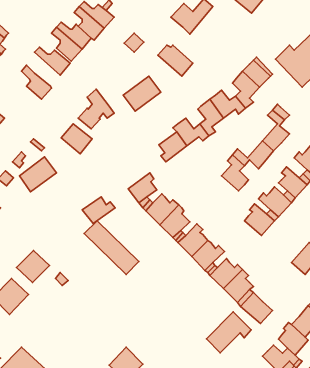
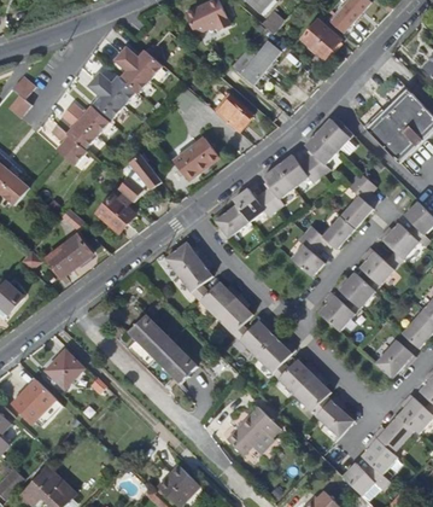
building: none -> [59,107,96,148]
building: [82,197,115,224] -> [165,240,205,273]
building: [206,312,251,353] -> [222,406,276,455]

